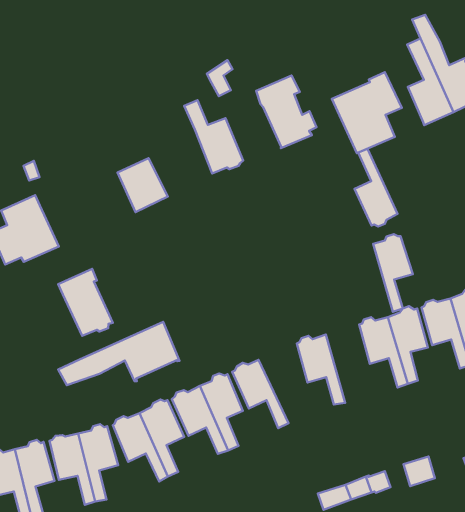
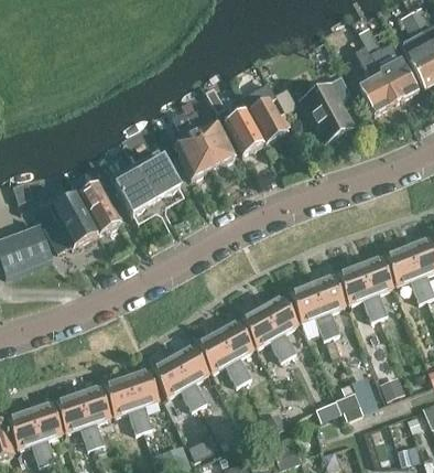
building: none -> [174,110,213,176]
building: none -> [224,108,264,153]
building: [354,149,397,227] -> none
building: none -> [115,171,155,214]
building: [373,234,413,312] -> [312,275,345,335]
building: [58,269,113,336] -> [76,180,121,233]
building: [58,322,180,385] -> none
building: none -> [261,295,297,355]

